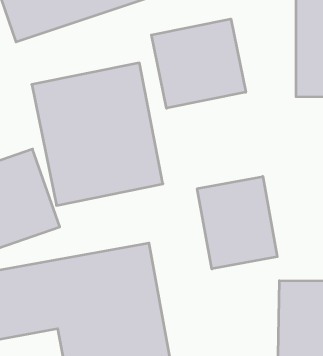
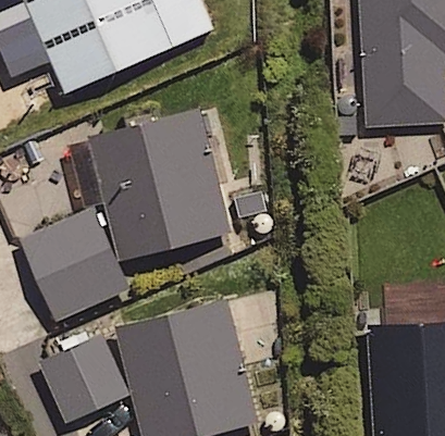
building: [151,19,246,108] -> none
building: [197,176,277,269] -> none

